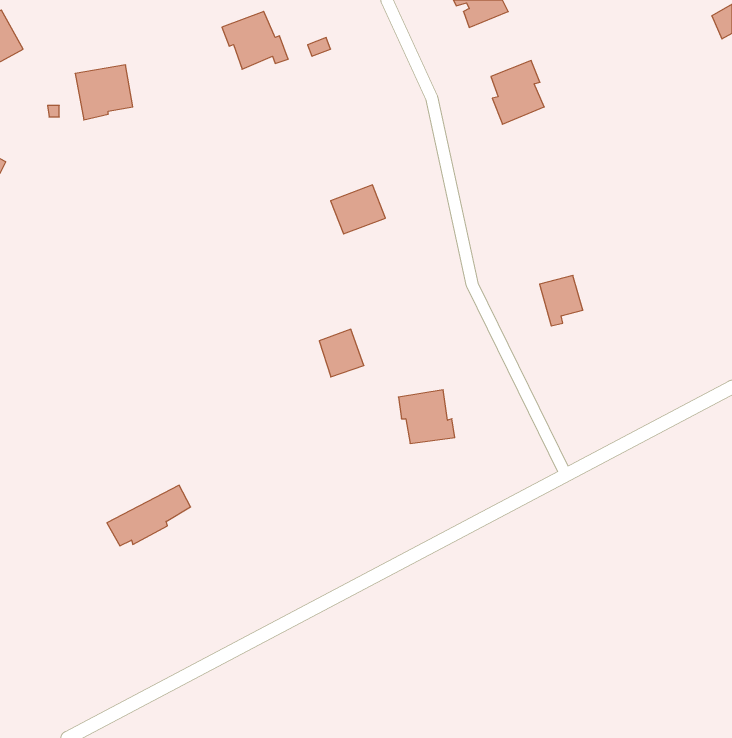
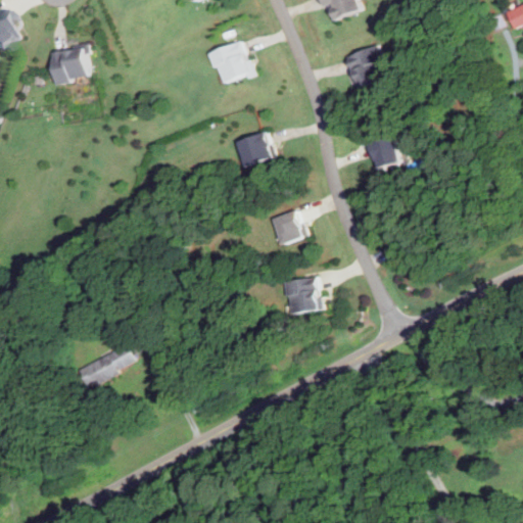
building: [222,11,288,69] -> [208,41,255,82]
building: [540,275,583,326] -> [367,137,397,173]
building: [319,329,364,377] -> [272,211,303,245]

